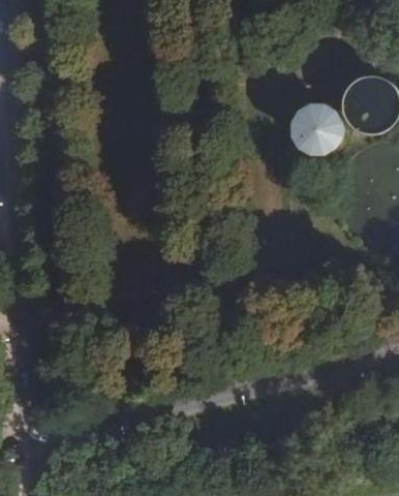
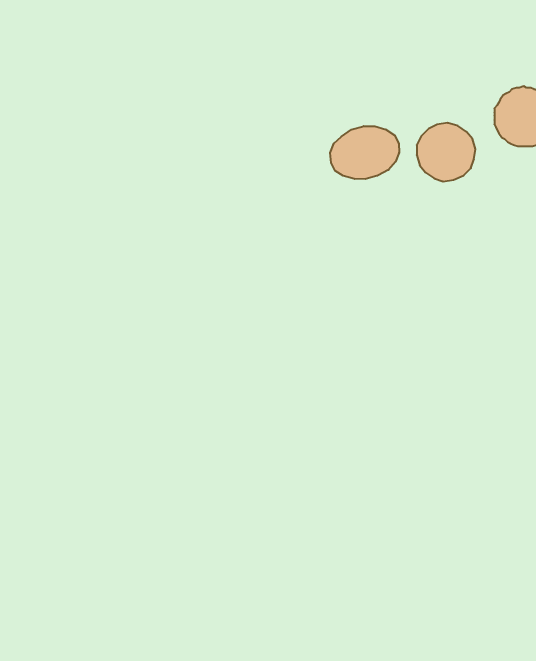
building: none -> [330,126,399,179]

